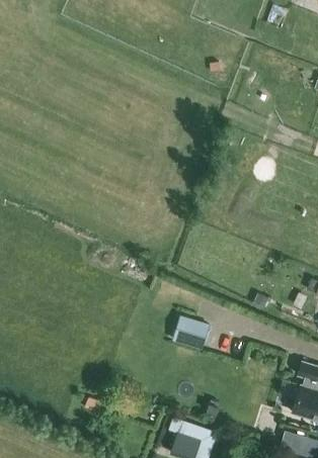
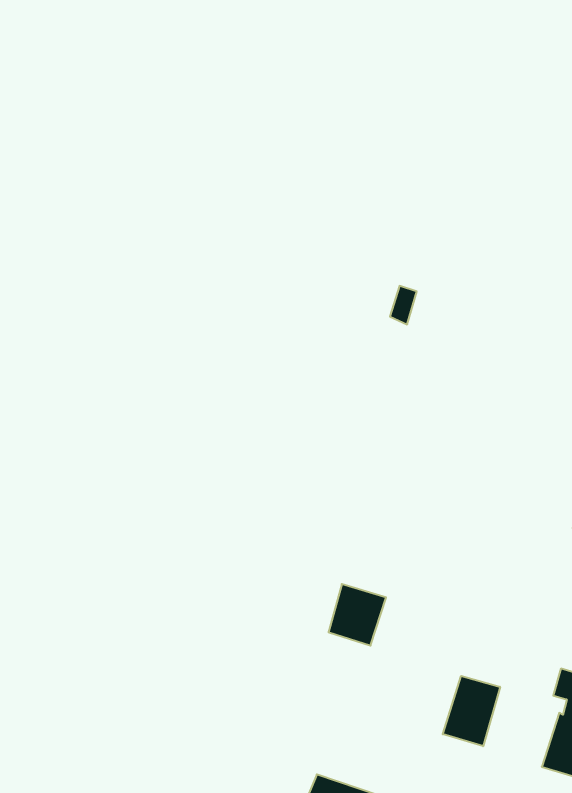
building: none -> [443,676,500,746]

